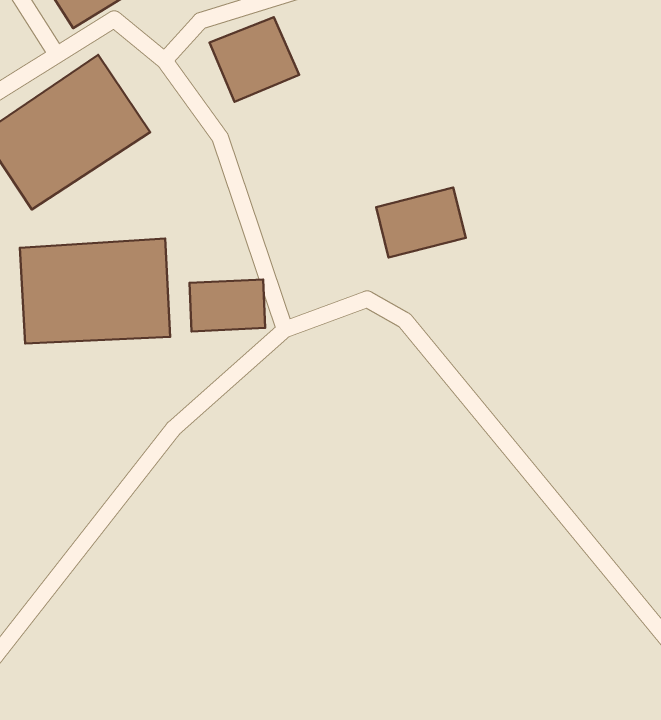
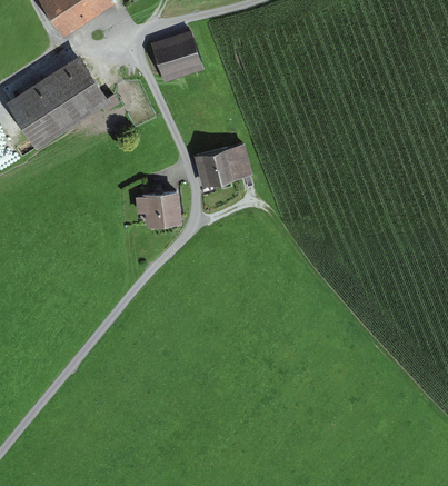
building: [376,188,466,258] -> [193,143,249,187]
building: [20,238,170,344] -> none

